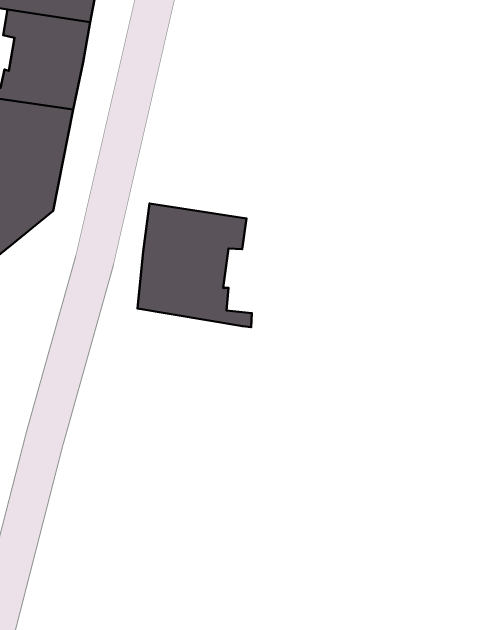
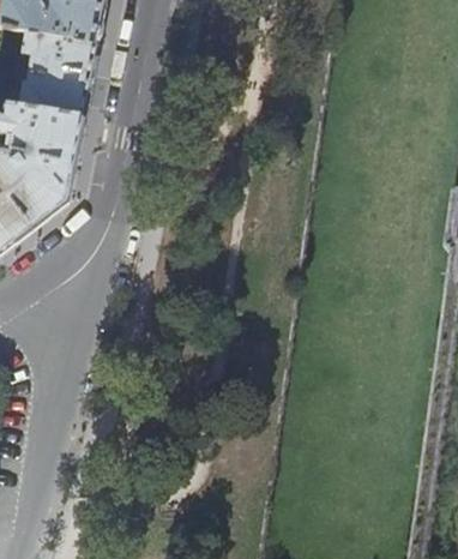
building: [138,204,252,327] -> none

